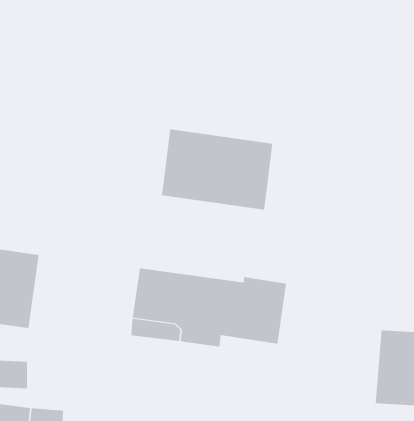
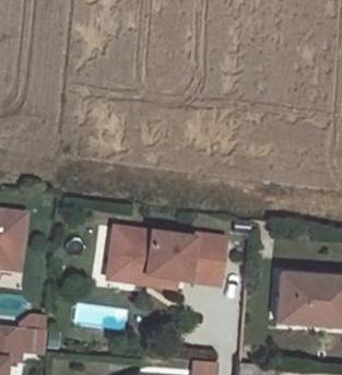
building: [162,128,273,210] -> none

